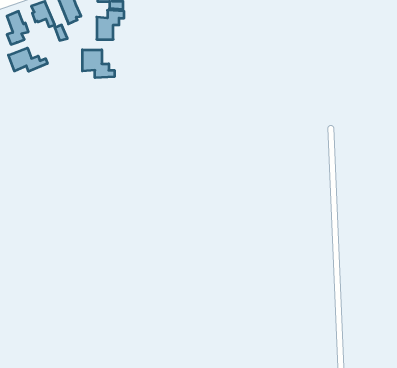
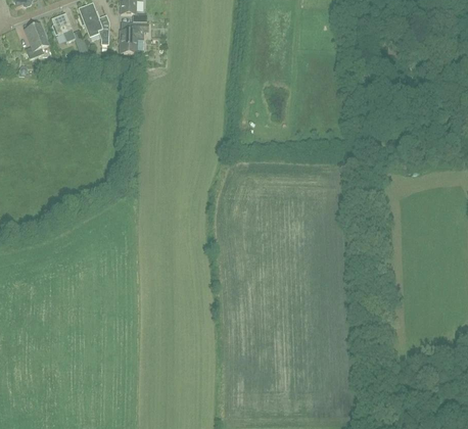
building: [8,48,47,71] -> none
building: [82,50,114,78] -> none

